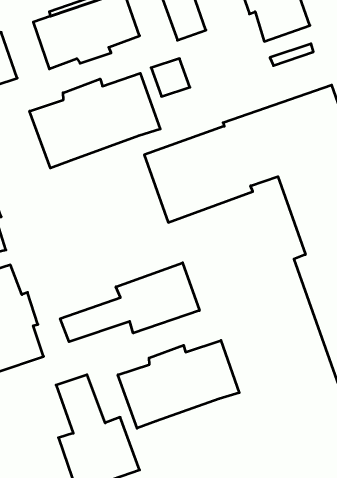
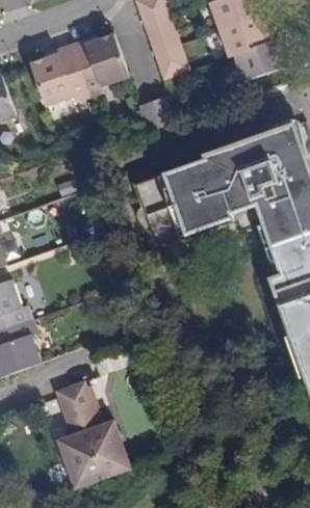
building: [30,73,160,168] -> none
building: [60,263,199,342] -> none
building: [118,340,239,428] -> none

